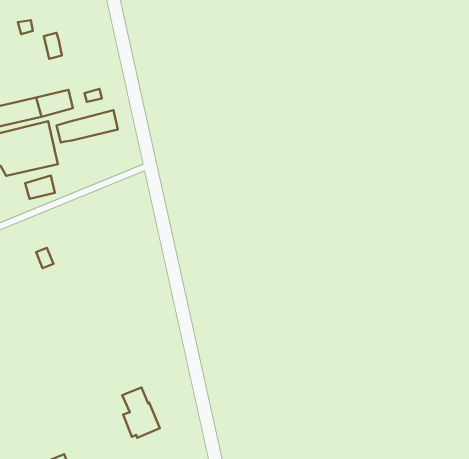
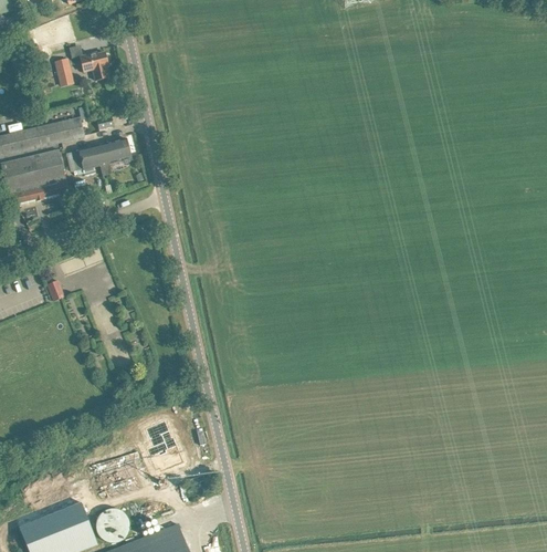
building: none -> [81,52,111,81]
building: [25,176,55,199] -> none

